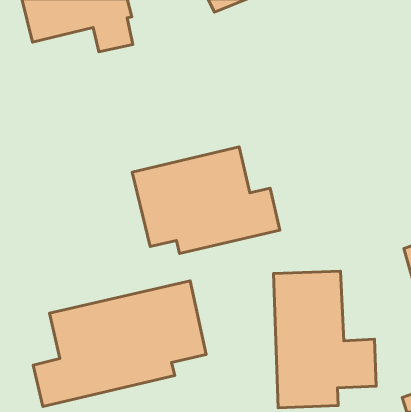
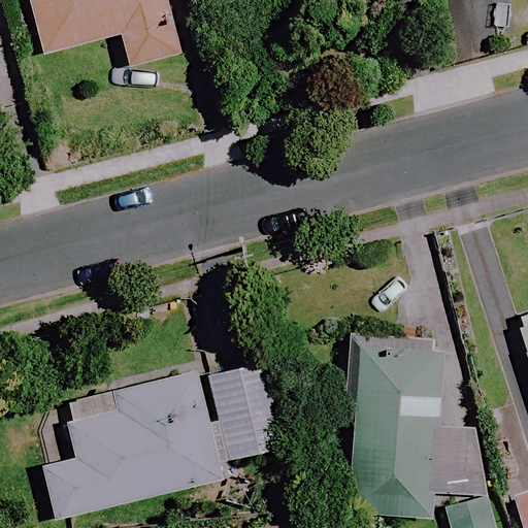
building: [132,147,280,254] -> none

